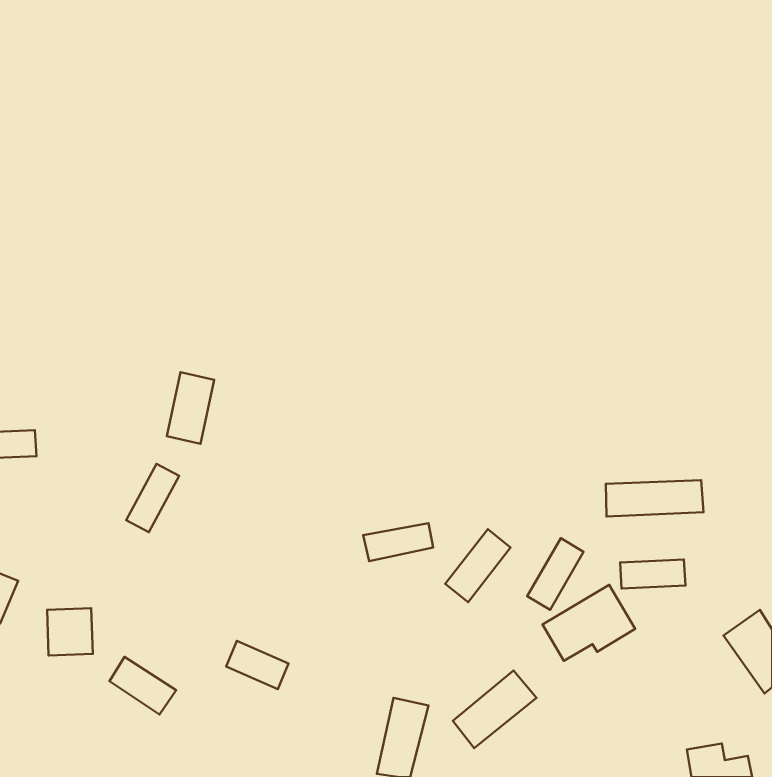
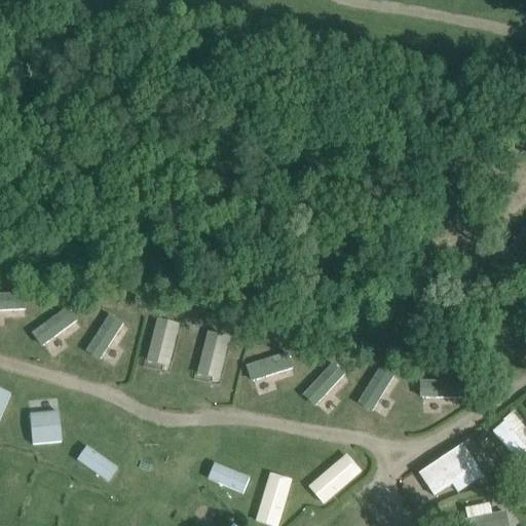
building: [167,372,214,444] -> [146,317,178,366]
building: none -> [30,306,75,347]
building: [606,480,703,517] -> none
building: none -> [203,332,224,378]
building: [542,585,635,661] -> [419,445,482,496]
building: [226,641,289,689] -> [206,461,249,494]

